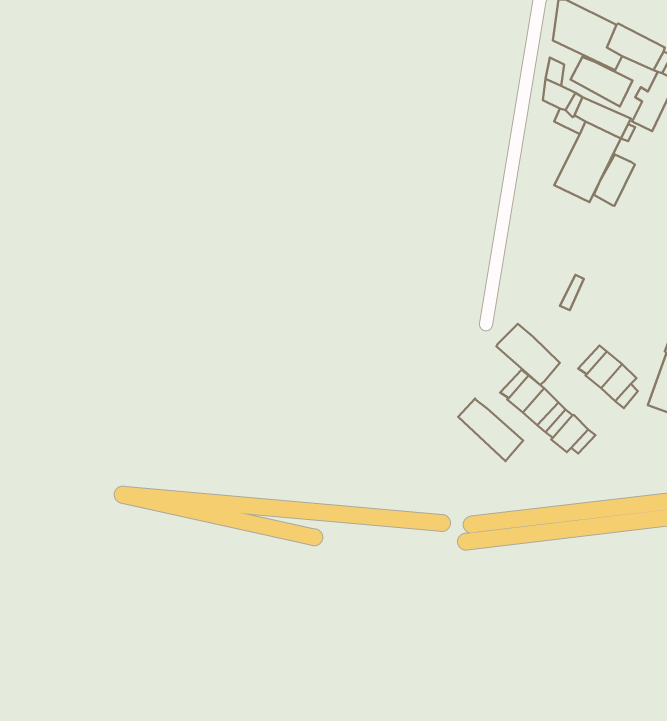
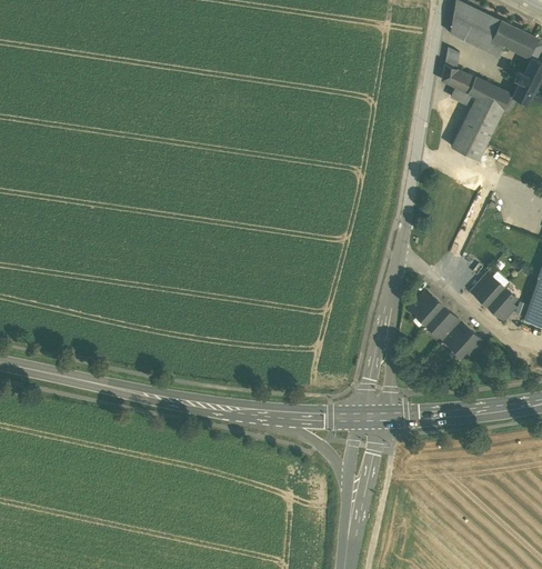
building: [571,56,632,107] -> none
building: [594,154,635,206] -> none
building: [496,324,560,385] -> none
building: [458,398,523,461] -> none

